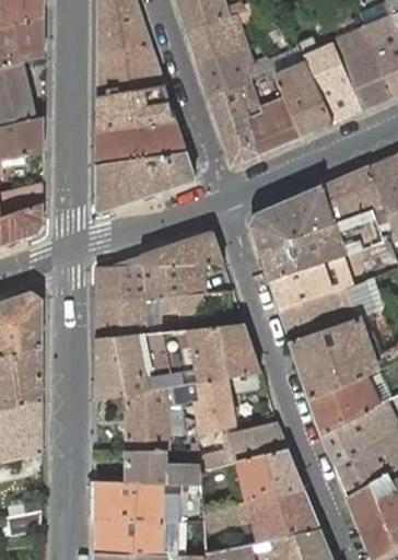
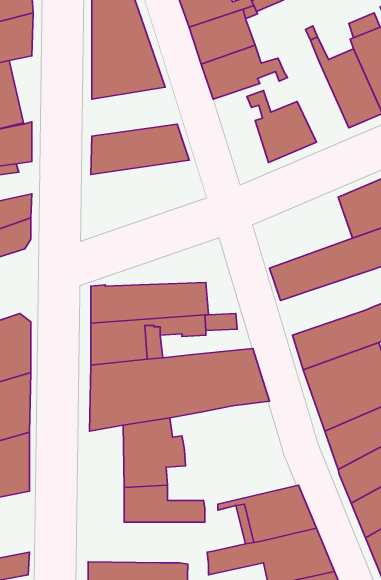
building: [268,48,331,136] -> none
building: [208,82,258,165] -> none
building: [97,85,175,130] -> none
building: [96,152,195,212] -> none
building: [250,186,335,250] -> none
building: [109,232,223,267] -> none
building: [269,254,352,312] -> none
building: [168,372,264,443] -> none
building: [199,421,285,469] -> none
building: [94,482,203,521] -> none

